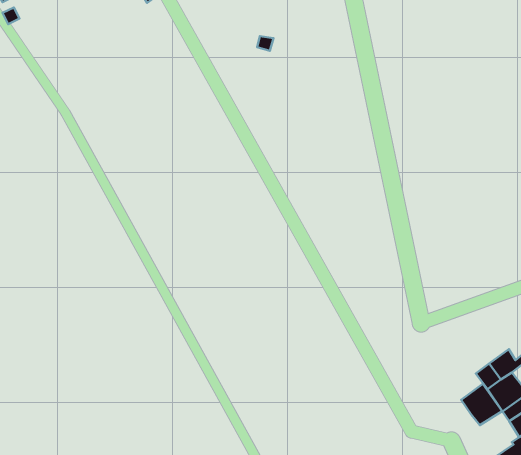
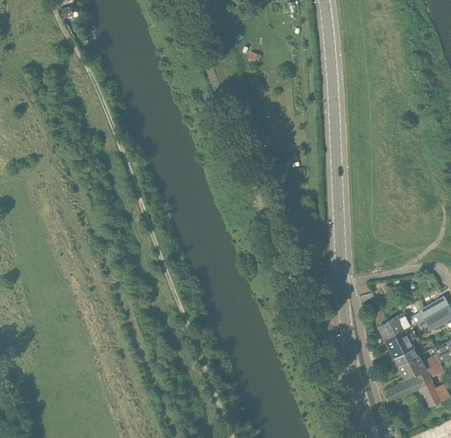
building: [461,384,502,425] -> none

